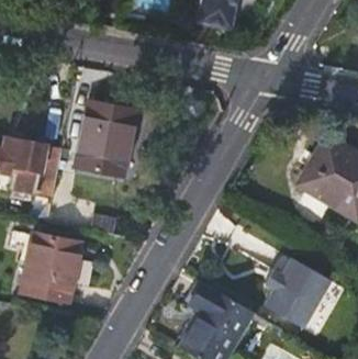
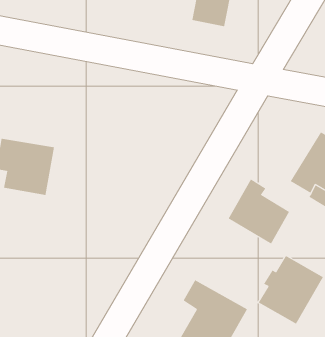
building: [76,100,135,171] -> none
building: none -> [228,179,290,245]
building: [22,234,78,301] -> none

